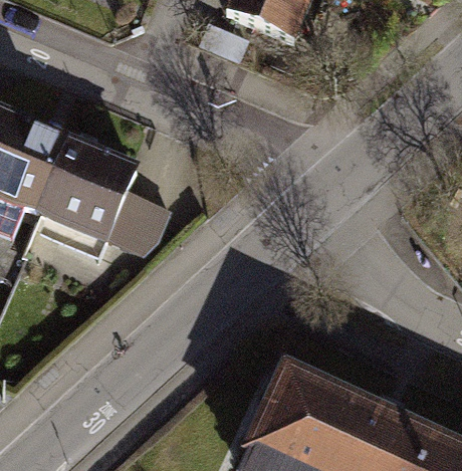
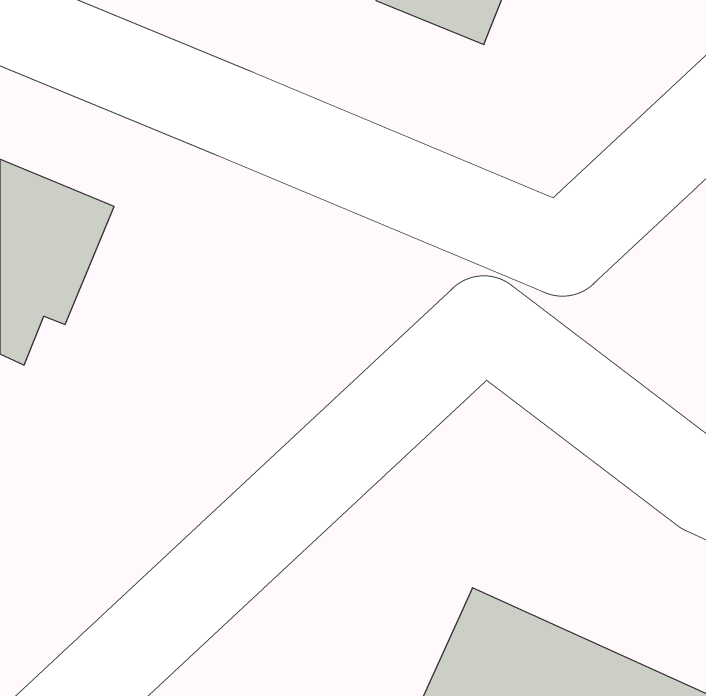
building: [40,140,141,241] -> none

